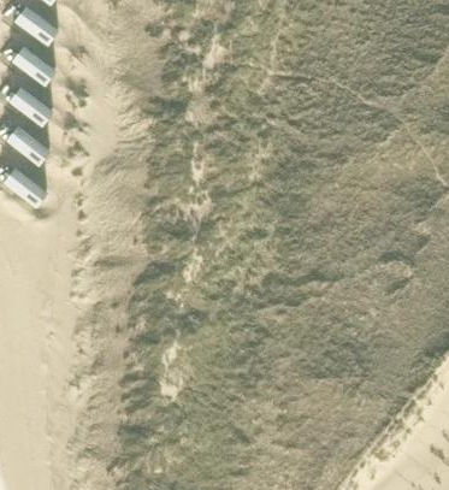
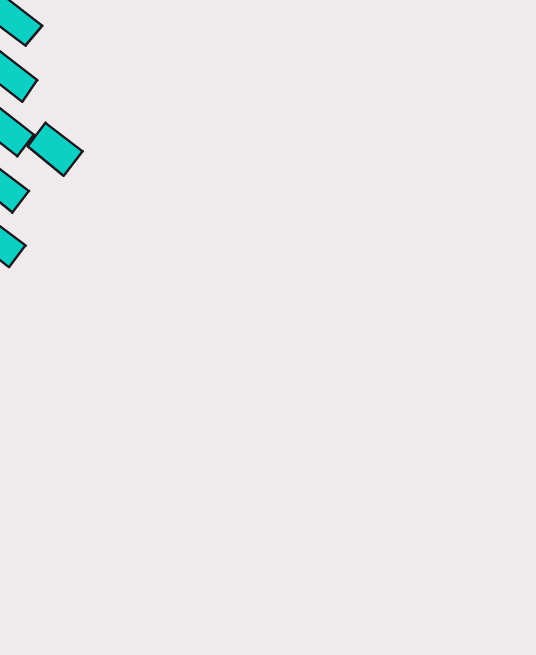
building: none -> [28,123,83,176]

